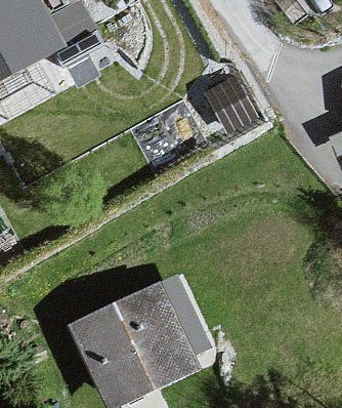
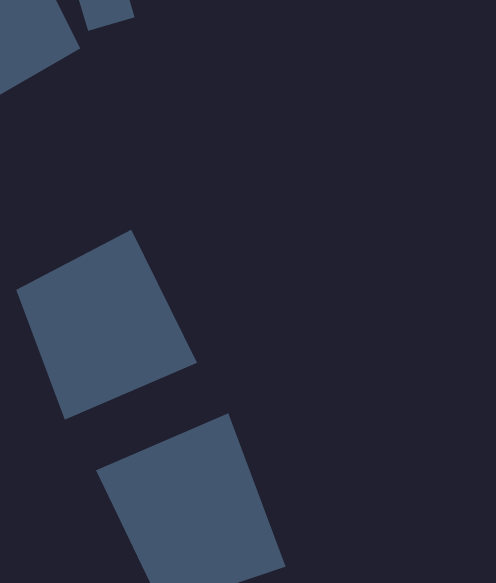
building: none -> [15,229,198,420]

